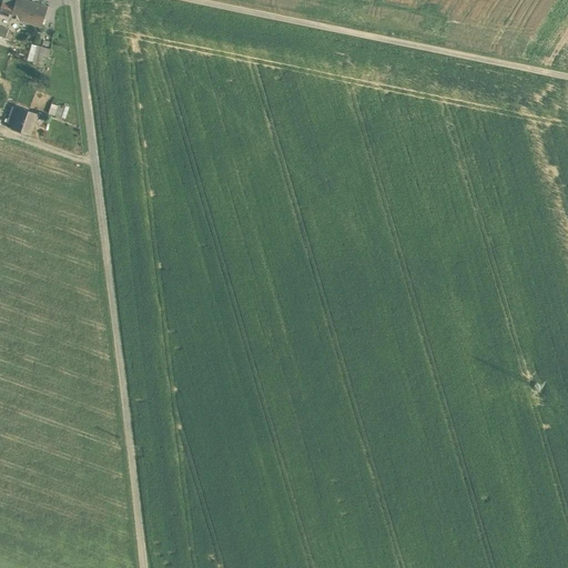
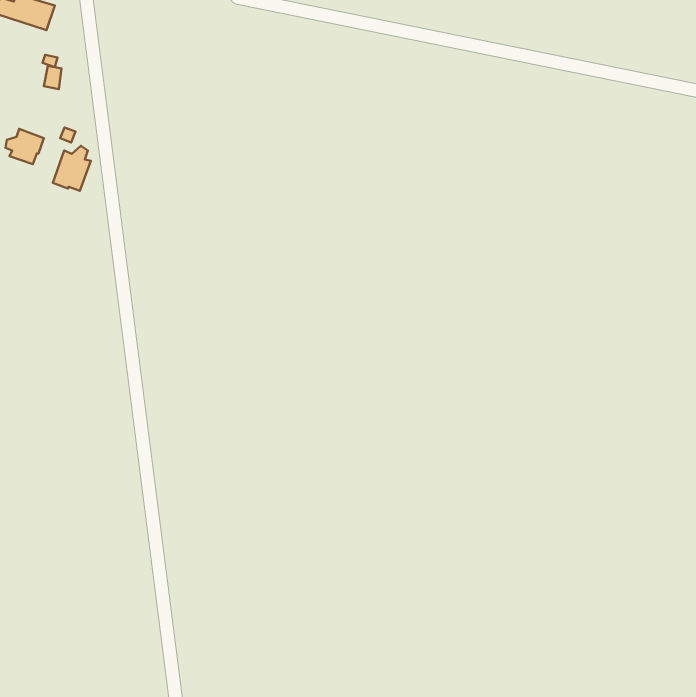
building: none -> [53,146,91,191]

